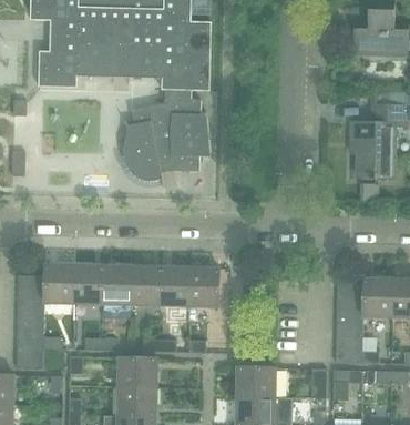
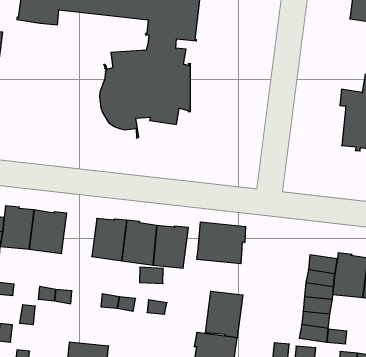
building: none -> [197,222,246,264]
building: [102,265,132,304] -> none
building: none -> [205,291,243,338]
building: [117,357,157,387] -> none

